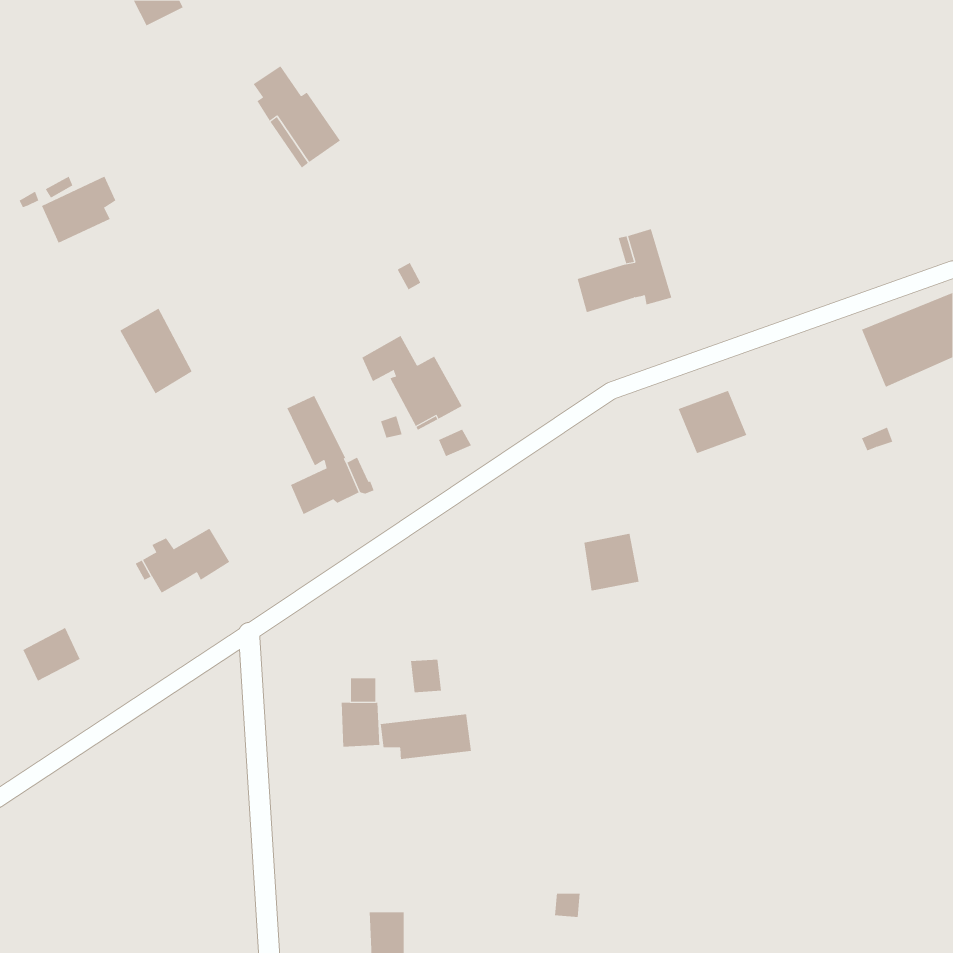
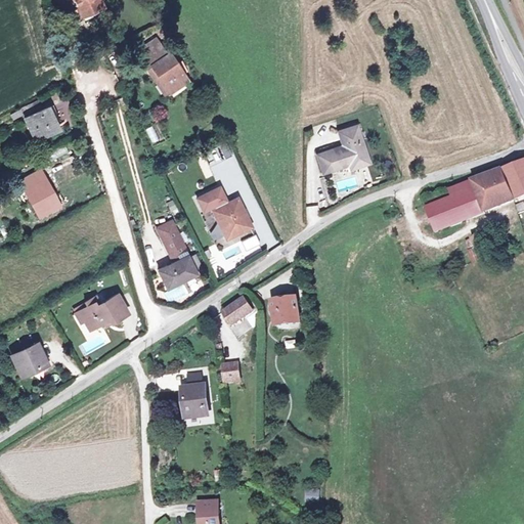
building: [120,308,193,394] -> [17,170,57,217]
building: none -> [453,182,483,219]
building: [678,390,747,454] -> [425,201,463,235]
building: [583,533,640,591] -> [270,297,301,329]
building: none -> [223,297,254,326]
building: [380,714,472,760] -> none

